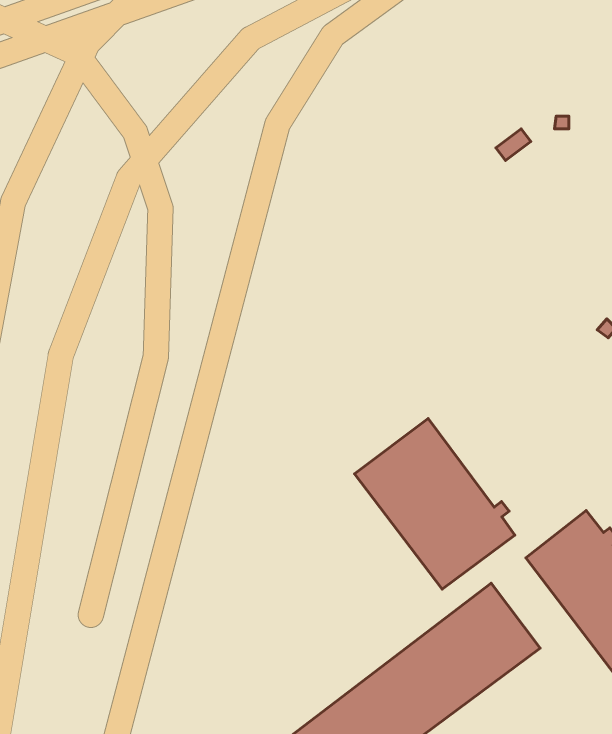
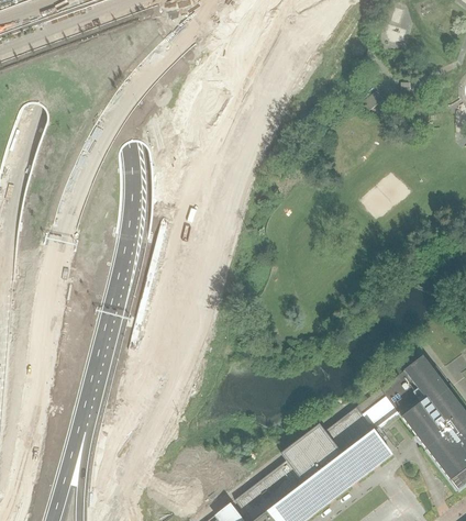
building: [355,418,515,589] -> none

